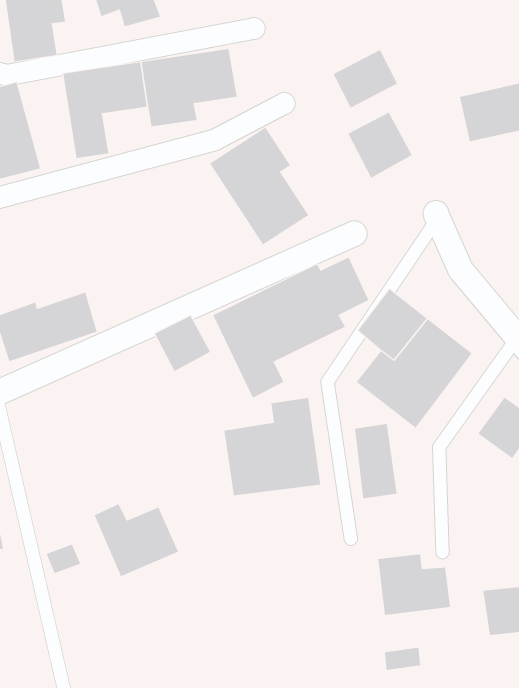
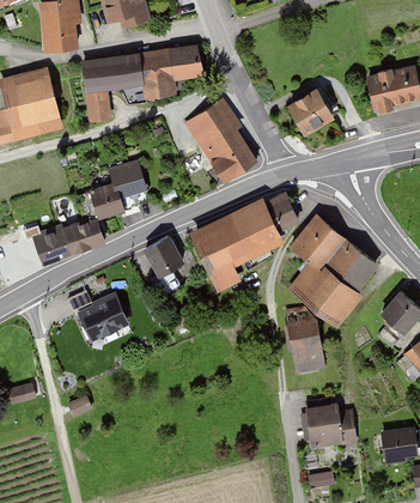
building: [333,49,398,109] -> none
building: none -> [89,166,147,217]
building: [224,397,321,496] -> none
building: [94,503,179,577] -> [71,287,132,340]

